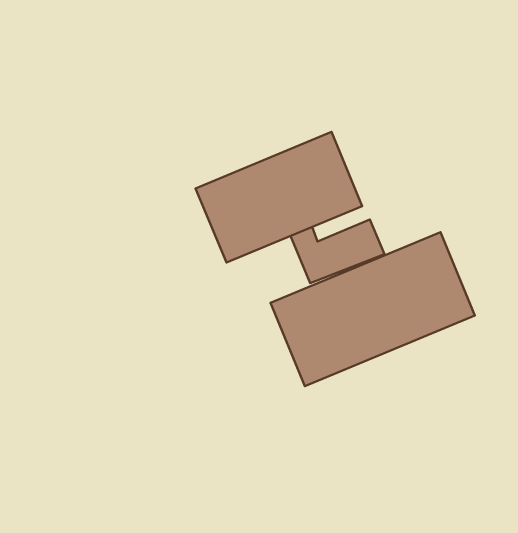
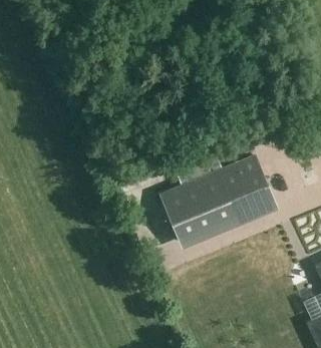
building: [195,132,362,262] -> none

